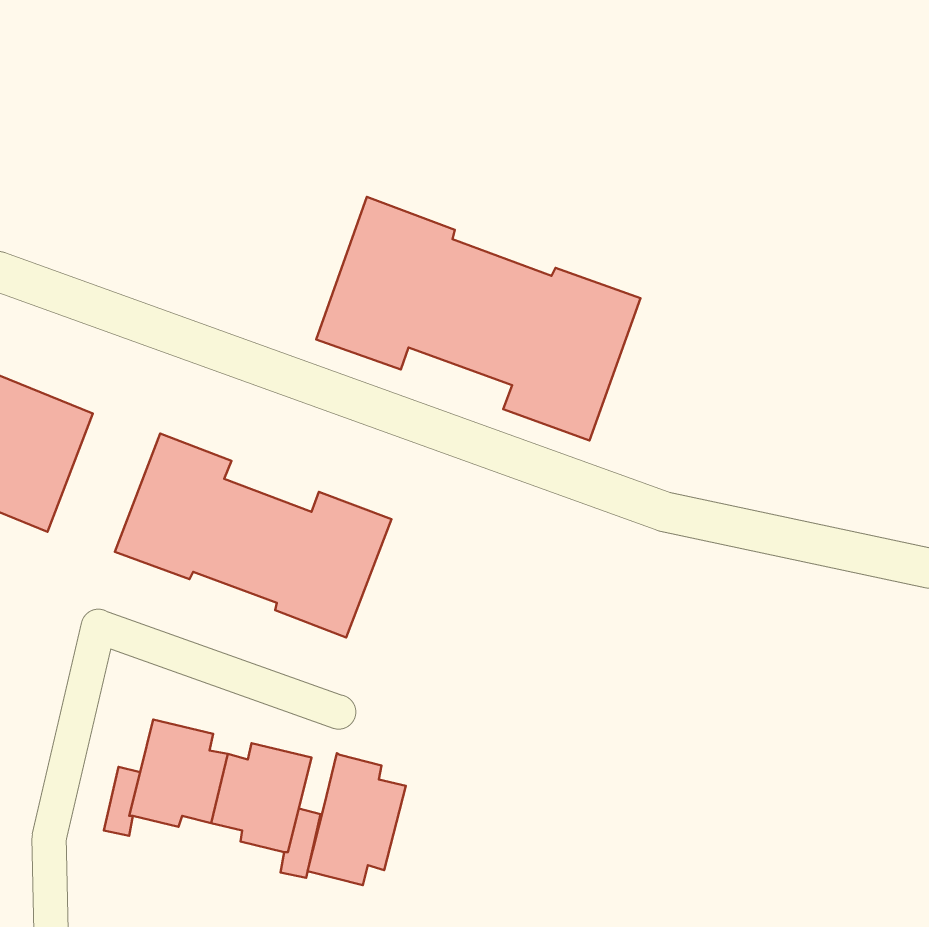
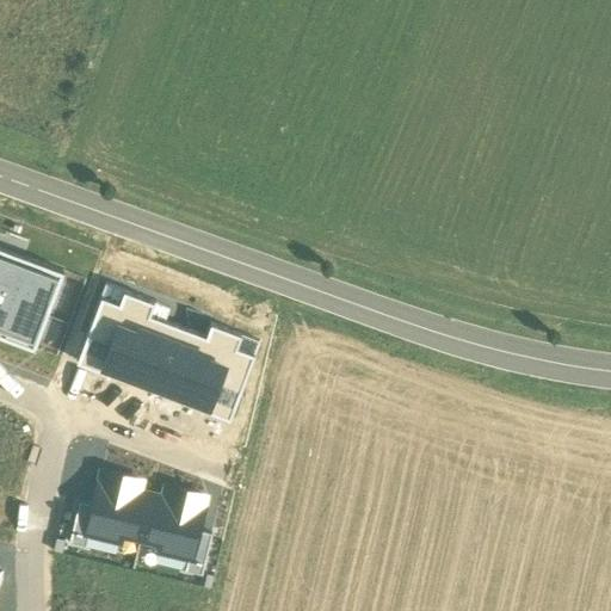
building: [316,197,640,441] -> none
building: [308,753,406,885] -> none

